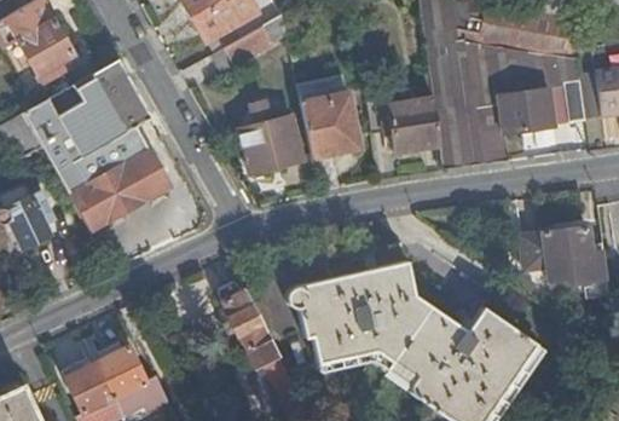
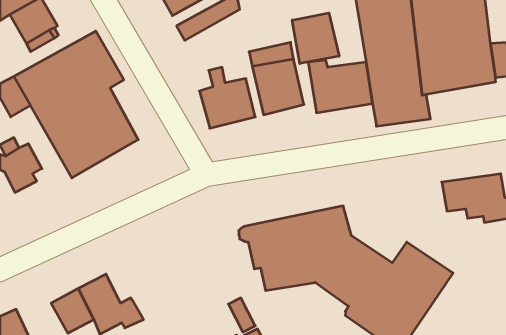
building: none -> [292,13,339,64]
building: [220,287,278,365] -> none

